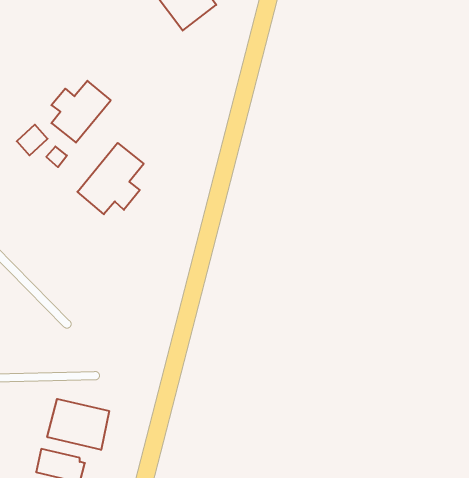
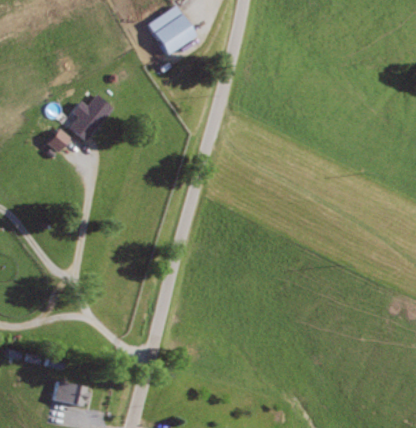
building: [77,143,144,214] -> none
building: [47,399,109,450] -> none

